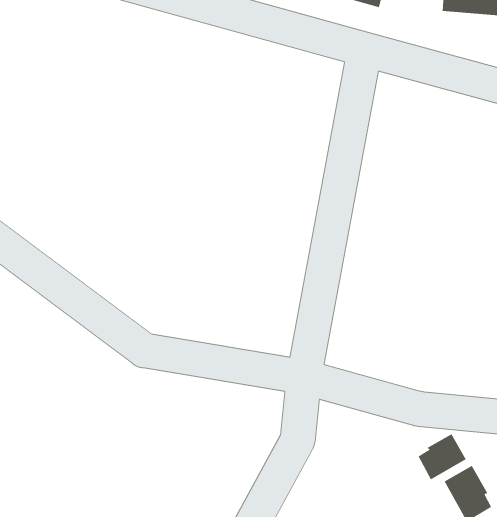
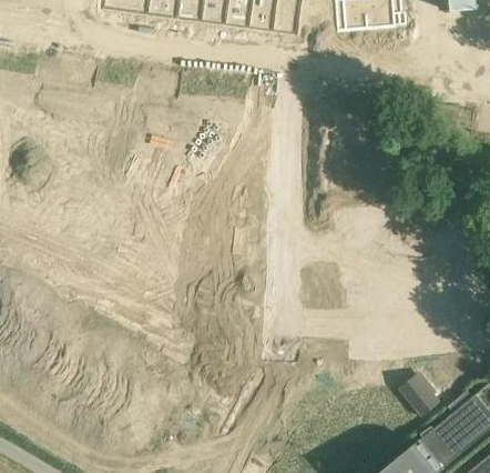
building: [417,433,467,480] -> none

